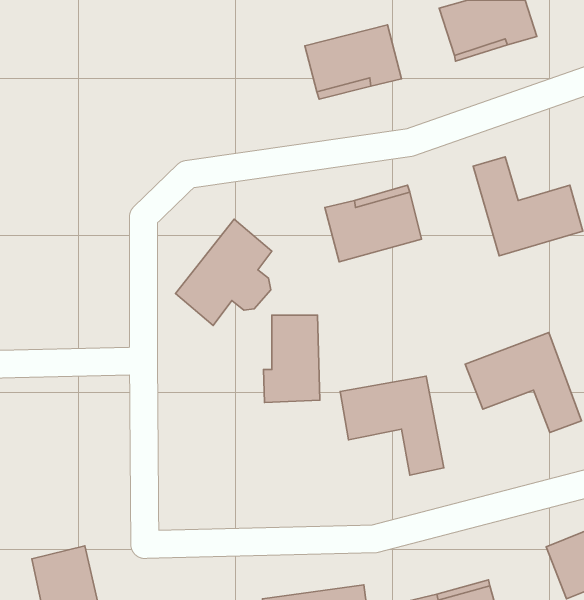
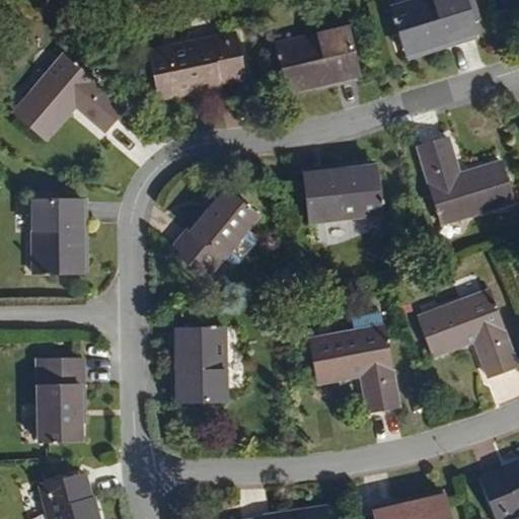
building: none -> [154,28,250,94]
building: none -> [19,52,130,136]
building: none -> [34,198,85,273]
building: [263,315,320,402] -> [169,330,218,405]
building: none -> [39,363,80,442]

